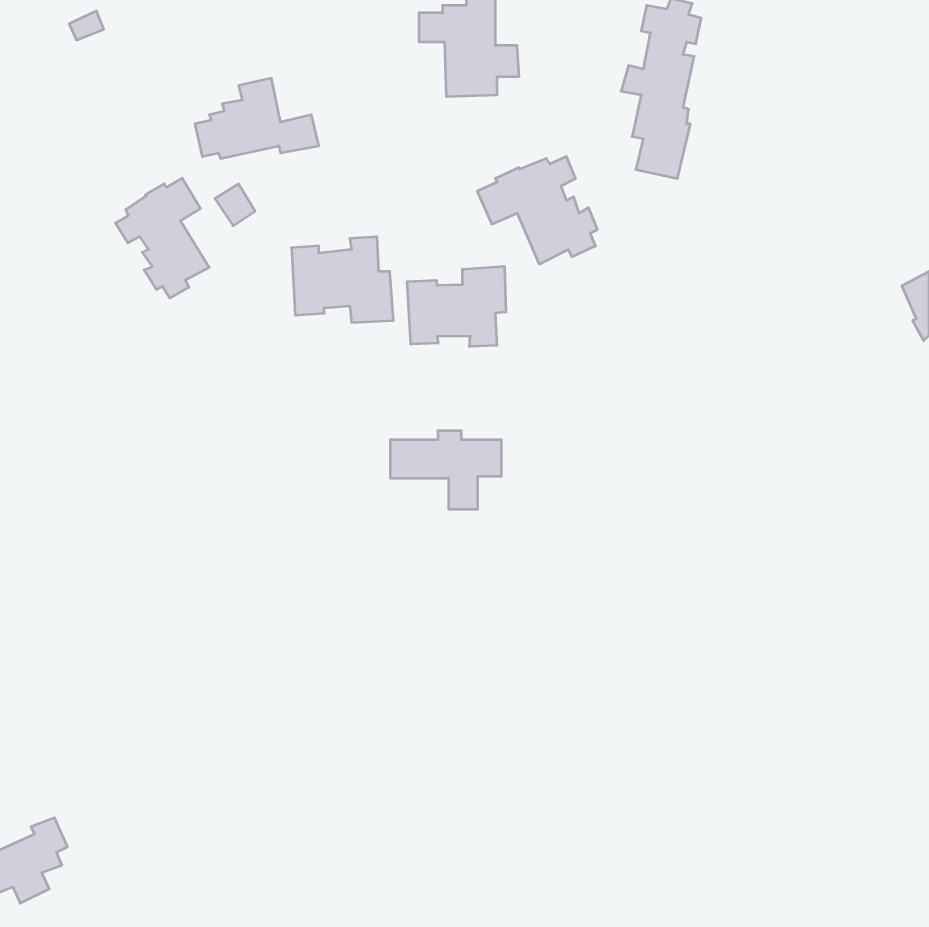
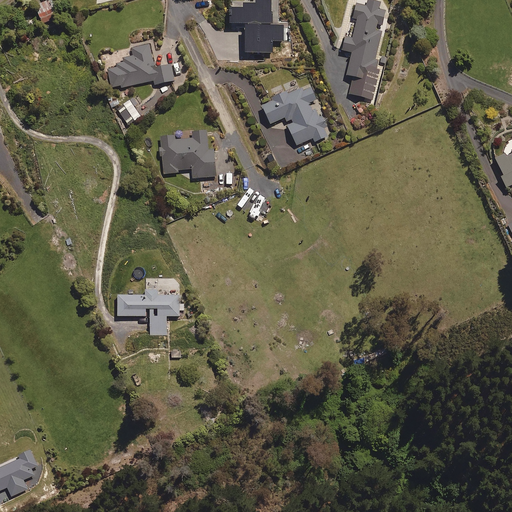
building: [115,178,209,298] -> none
building: [407,266,506,347] -> none
building: [390,431,501,509] -> [118,290,179,333]

